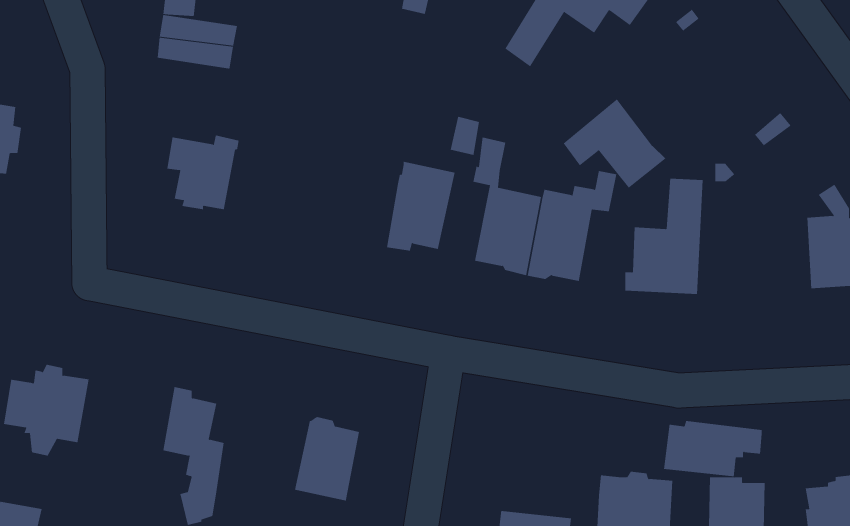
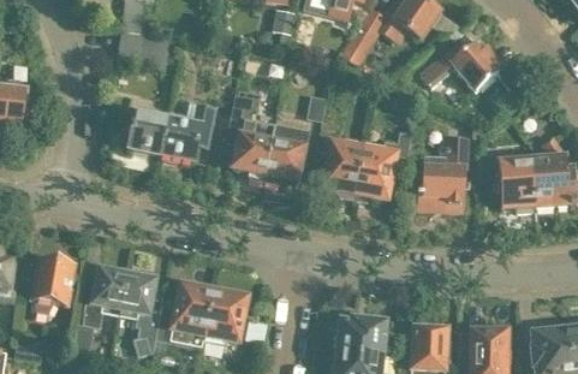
building: [563,98,666,189] -> [433,35,499,93]
building: none -> [161,103,215,164]
building: none -> [227,106,275,180]
building: none -> [496,152,536,212]
building: none -> [82,268,129,328]
building: none -> [156,284,215,346]
building: [663,420,763,477] -> [338,317,401,354]

